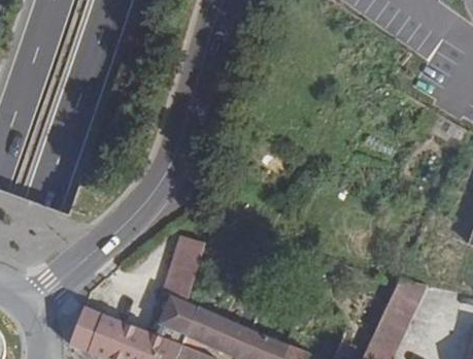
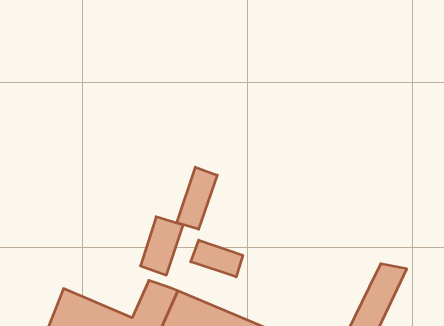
building: none -> [177,167,217,229]
building: none -> [191,240,243,277]

